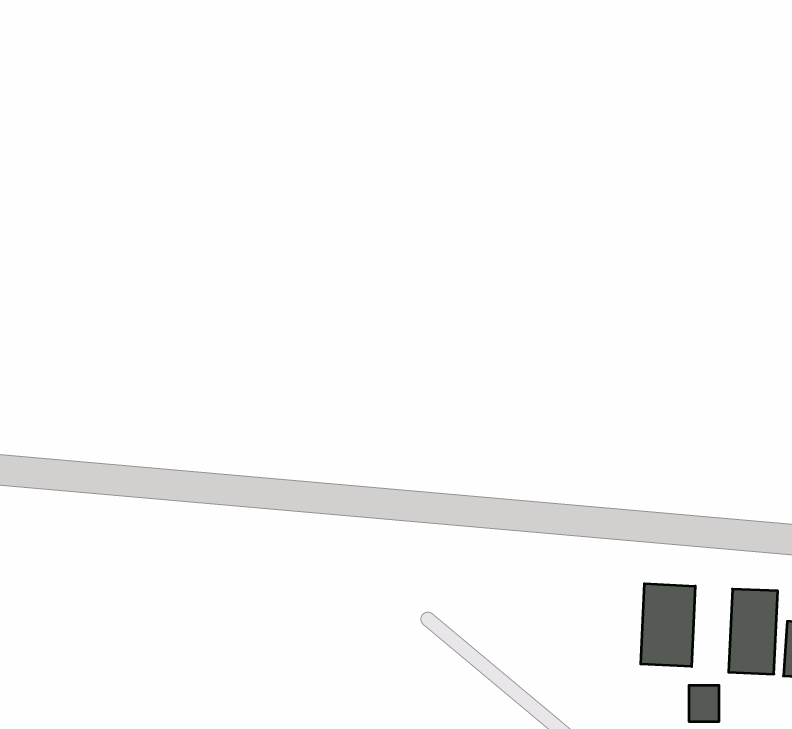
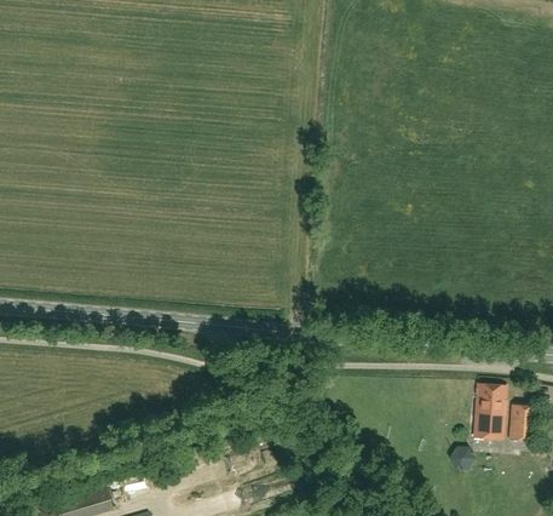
building: [641,584,695,667] -> none

